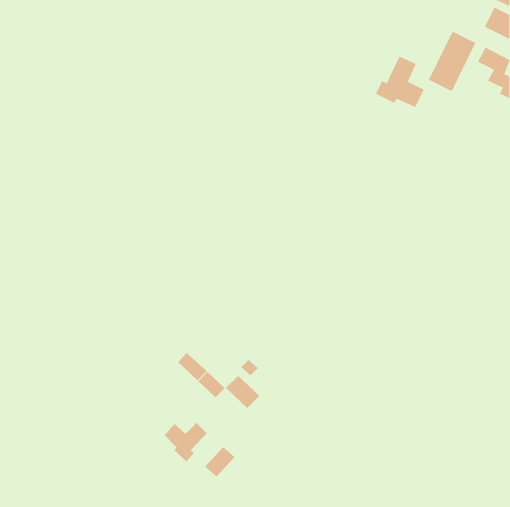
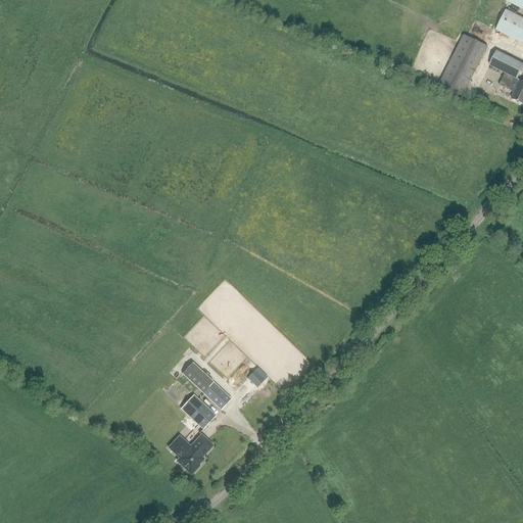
building: [375,56,425,108] -> none
building: [225,375,260,409] -> [180,392,216,427]
building: [204,446,236,478] -> none

